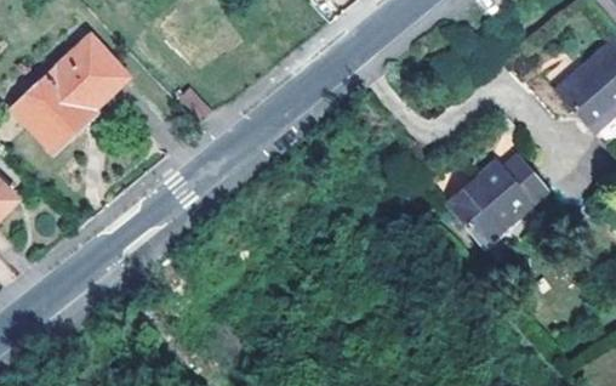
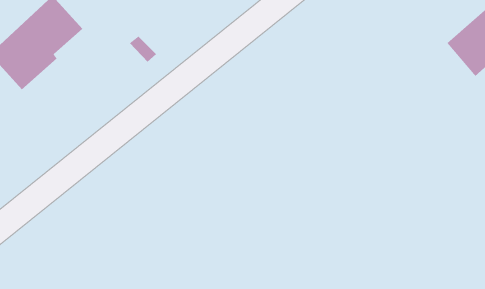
building: [450,160,546,245] -> none

